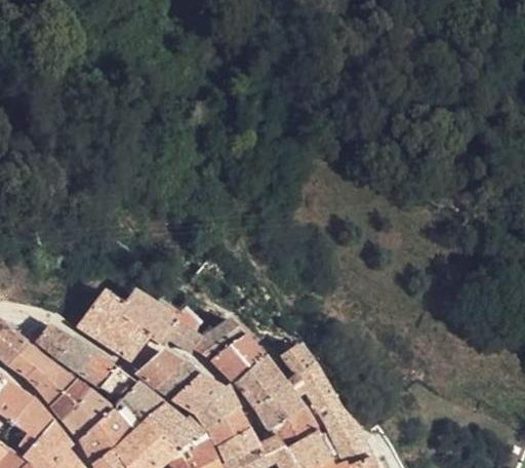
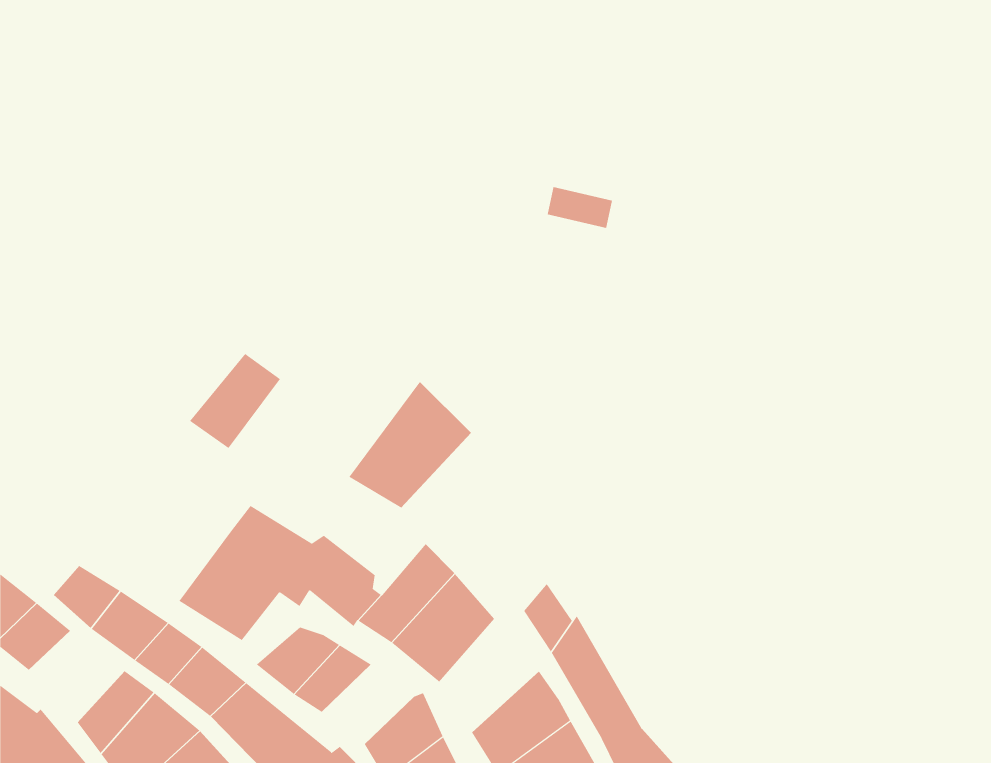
building: none -> [348,381,472,509]
building: [81,295,128,344] -> [189,353,281,449]
building: [236,353,287,412] -> none
building: [25,359,74,406] -> none
building: [175,377,223,418] -> none

